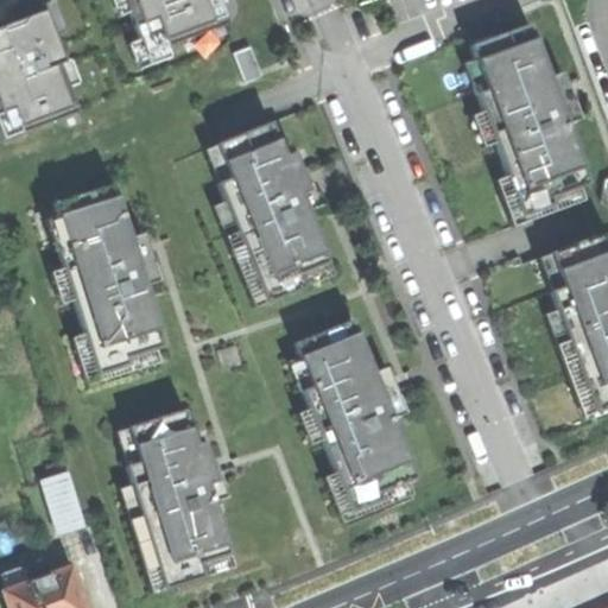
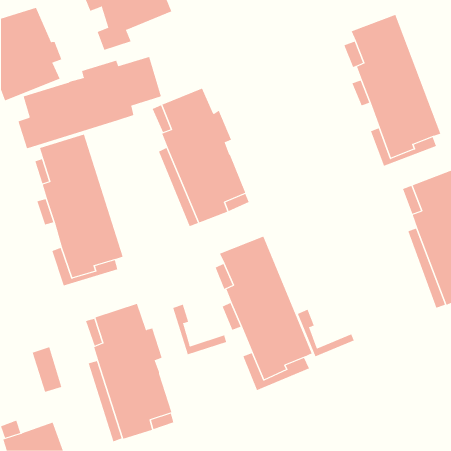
building: none -> [18,56,161,149]
building: none -> [172,304,227,355]
building: none -> [297,309,354,357]

